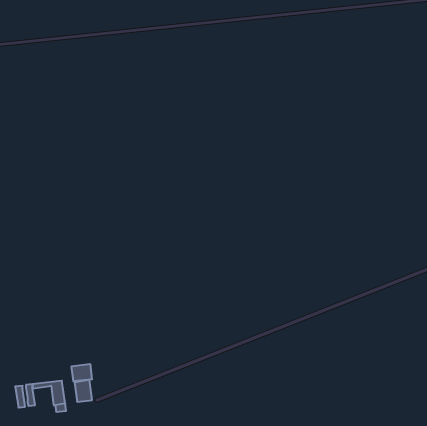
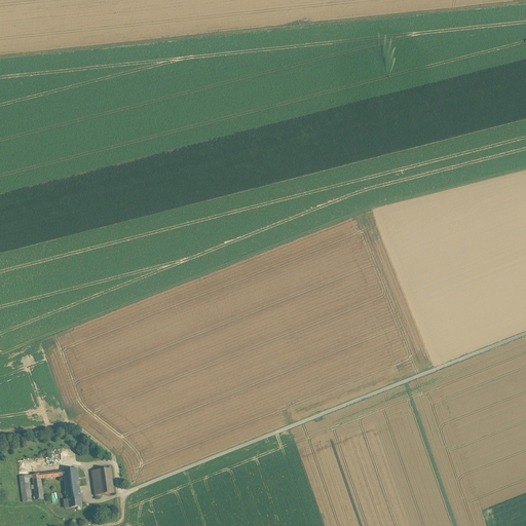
building: [72,364,92,381] -> none

